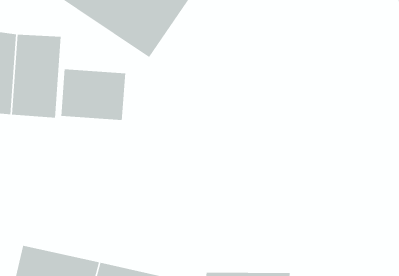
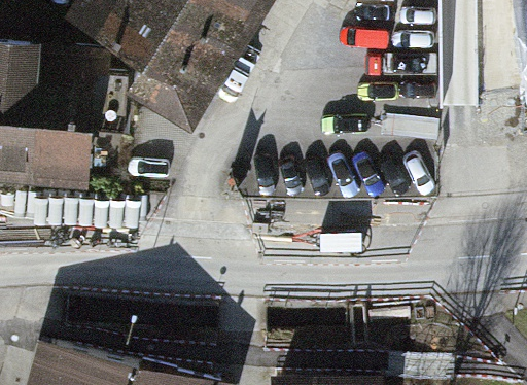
building: [61,69,126,121] -> none

